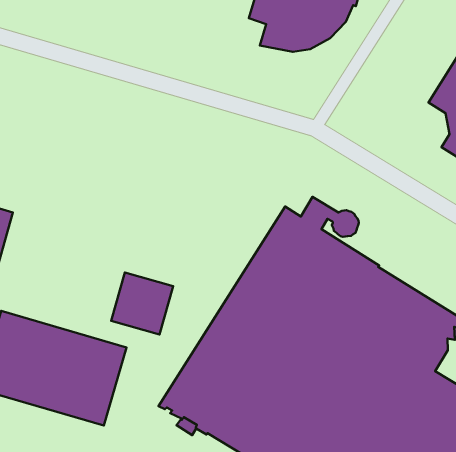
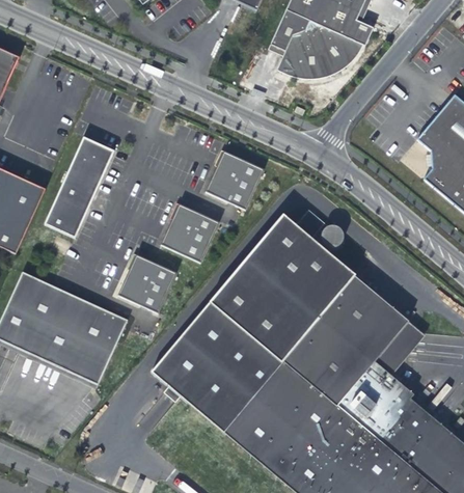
building: none -> [202,148,262,207]
building: none -> [43,135,119,239]
building: none -> [159,201,217,259]

